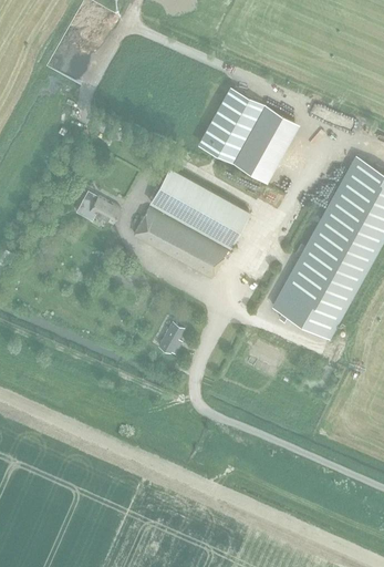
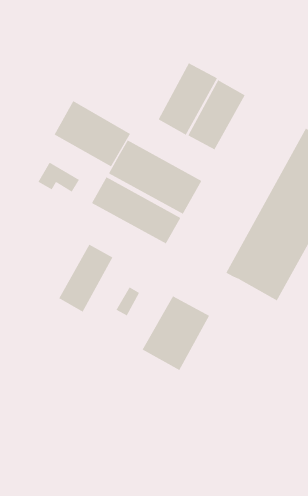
building: none -> [54,100,131,167]
building: none -> [58,244,113,312]
building: none -> [142,295,210,371]

